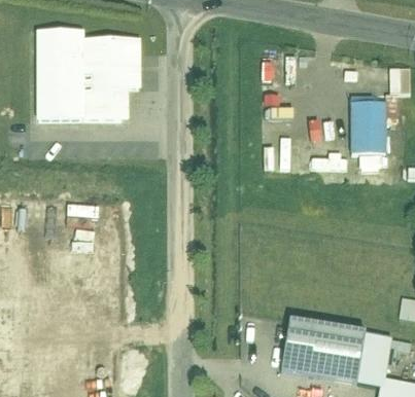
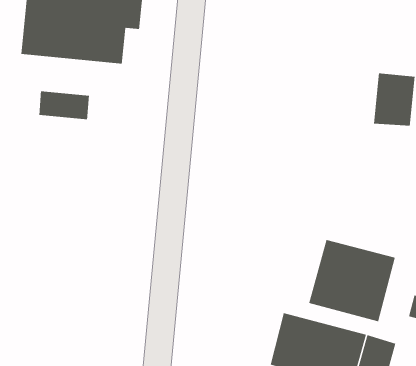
building: none -> [39,90,89,120]
building: none -> [308,239,395,322]

